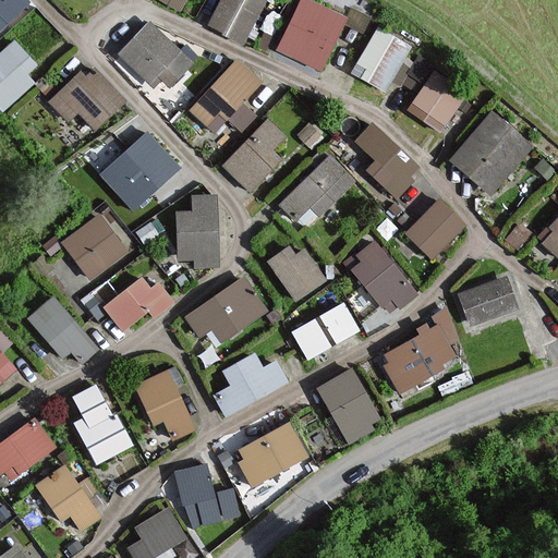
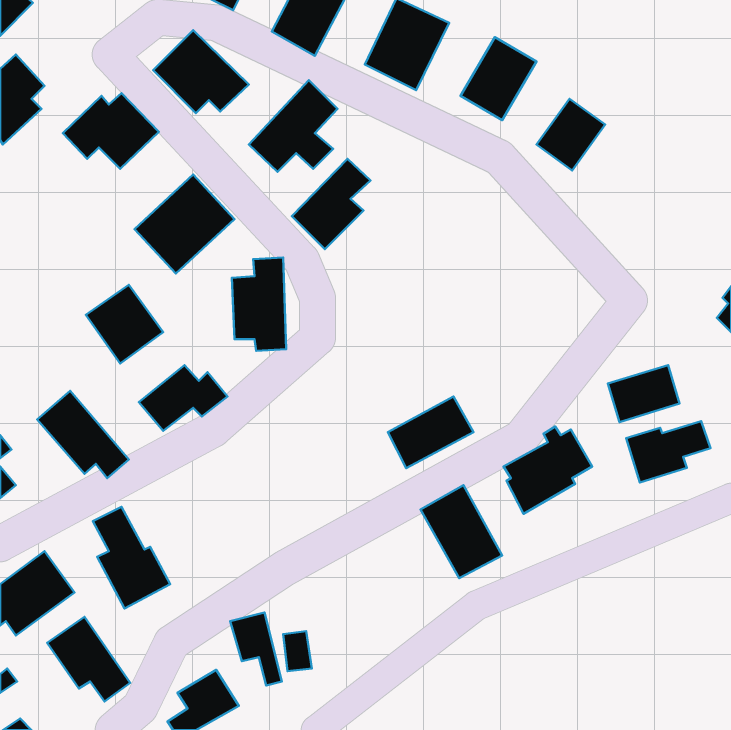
building: [450,113,527,192] -> none
building: [356,124,418,195] -> none
building: [281,156,354,221] -> none
building: [407,202,461,257] -> none
building: [353,242,418,308] -> none
building: [271,247,326,299] -> none
building: [187,277,266,345] -> none
building: none -> [626,421,710,482]
building: [214,355,284,415] -> none
building: [134,373,192,439] -> none
building: [241,425,307,485] -> none

